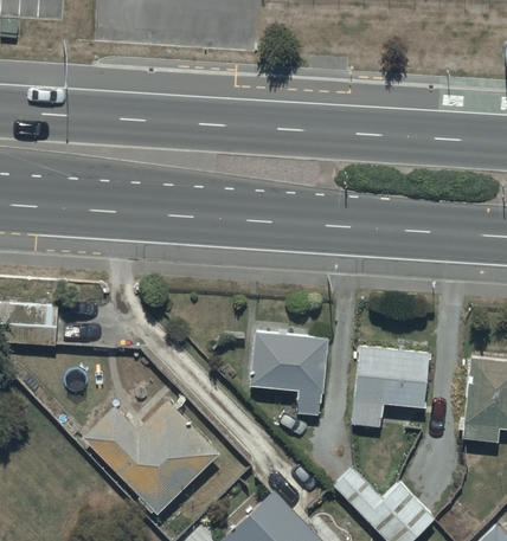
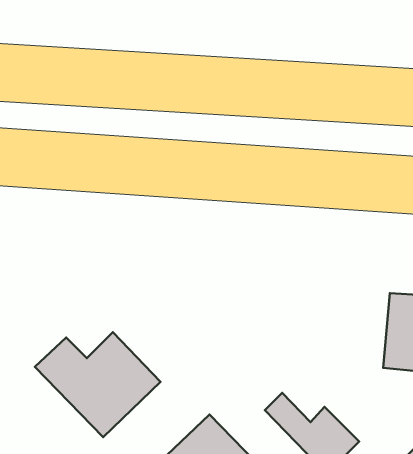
building: [250,333,329,414] -> none
building: [352,347,430,427] -> none

